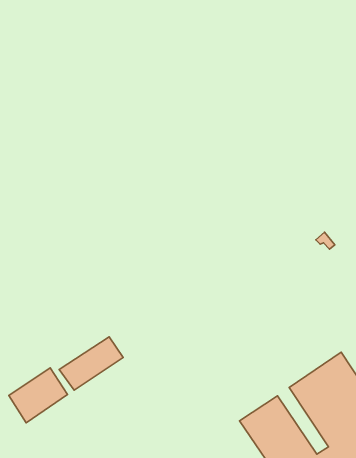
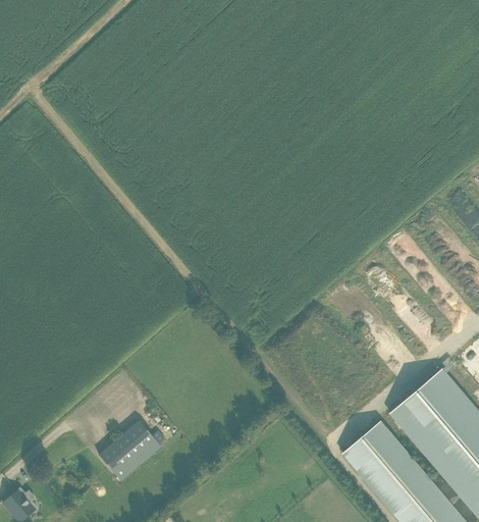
building: [59,337,123,390] -> none

